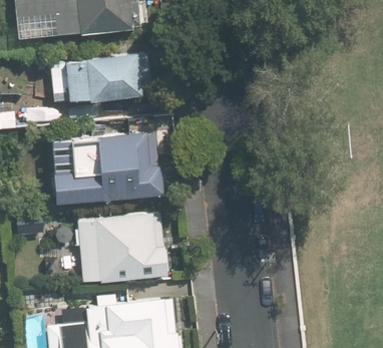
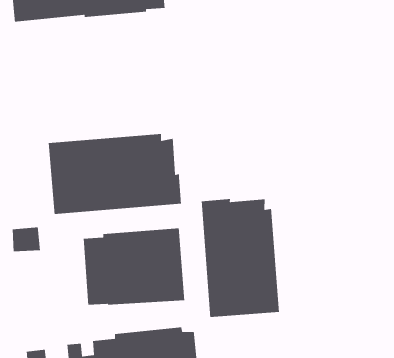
building: [52,52,150,100] -> none
building: none -> [201,198,280,318]

